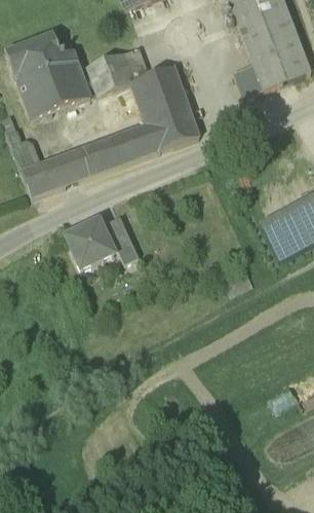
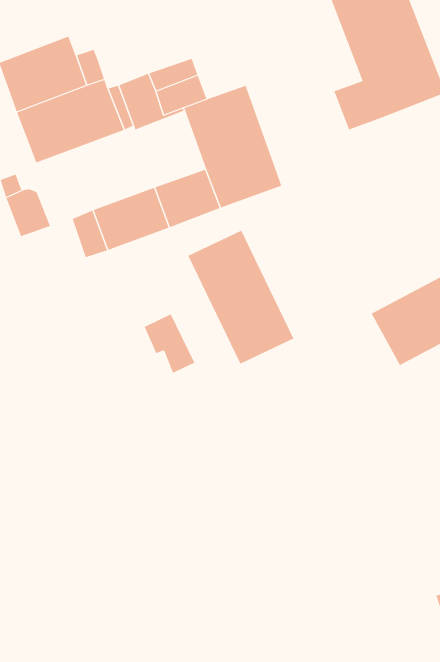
building: [21,157,65,196] -> none
building: none -> [187,230,294,364]
building: [66,219,115,267] -> none

